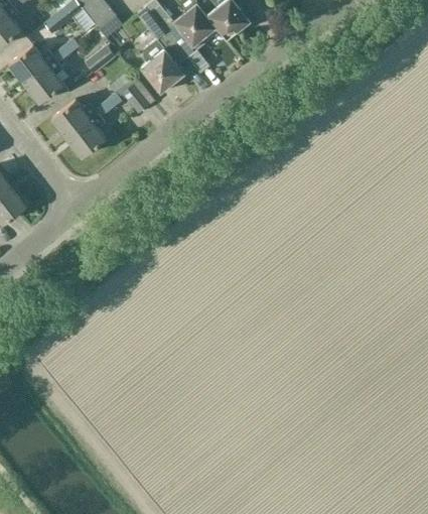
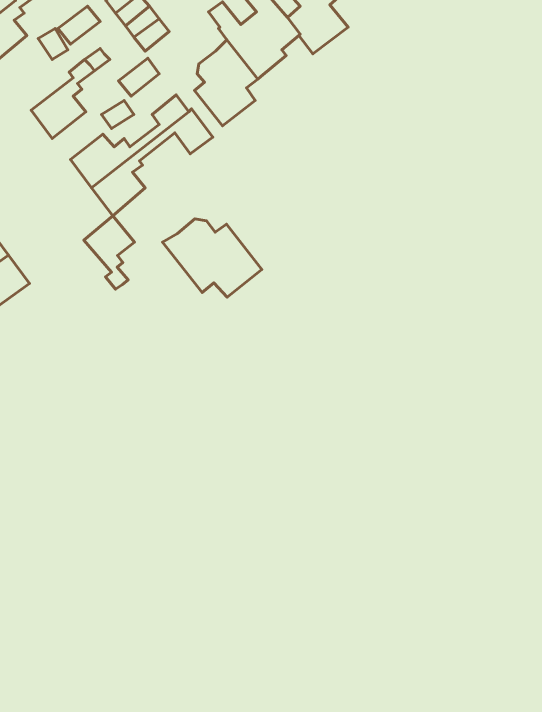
building: [9,43,54,82] -> none
building: none -> [84,216,134,289]
building: none -> [162,219,262,297]

